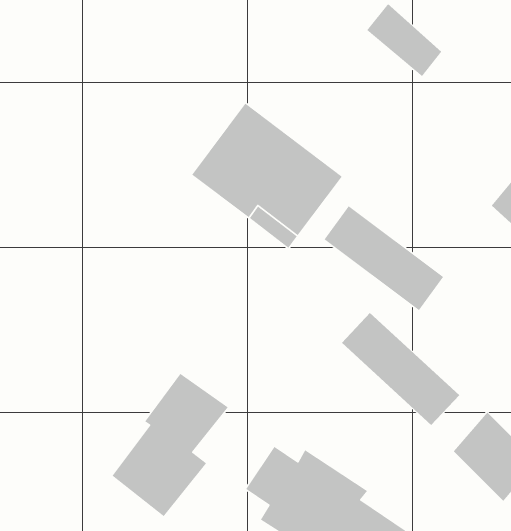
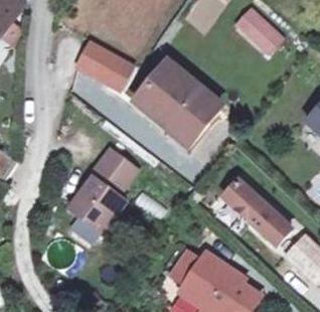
building: none -> [70,37,135,93]
building: [324,205,444,311] -> none
building: [112,373,229,517] -> [72,150,138,230]

